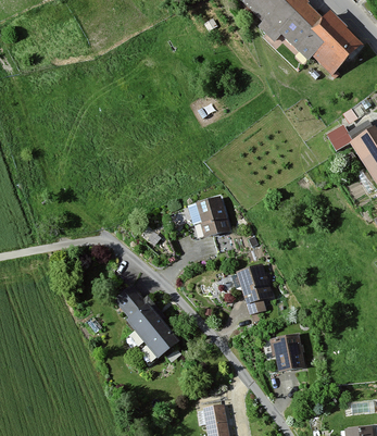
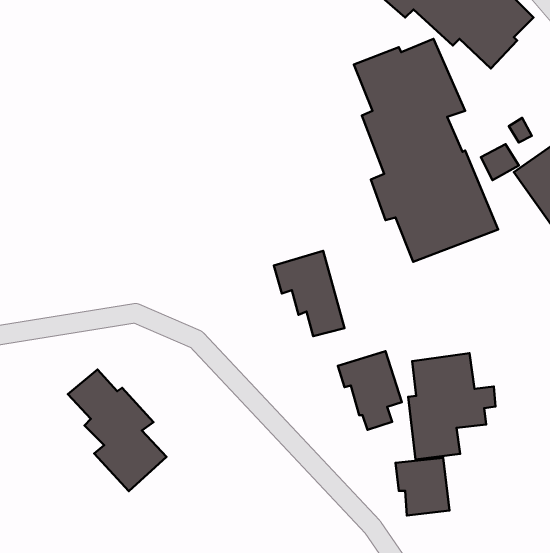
building: none -> [354,39,498,262]
building: none -> [408,353,496,459]
building: [112,283,177,363] -> [68,370,167,491]

